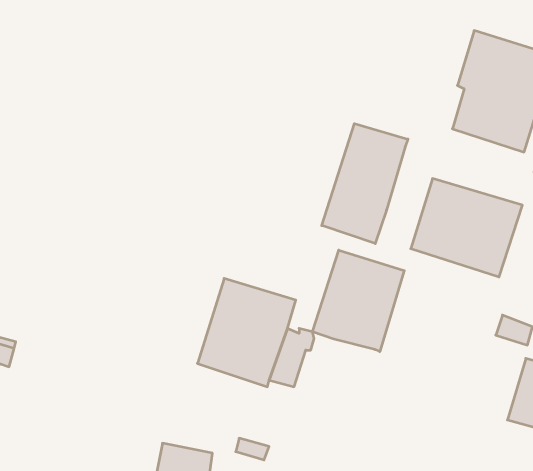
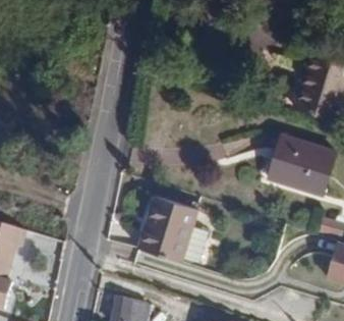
building: [322,124,408,244] -> none
building: [312,250,404,352] -> none

